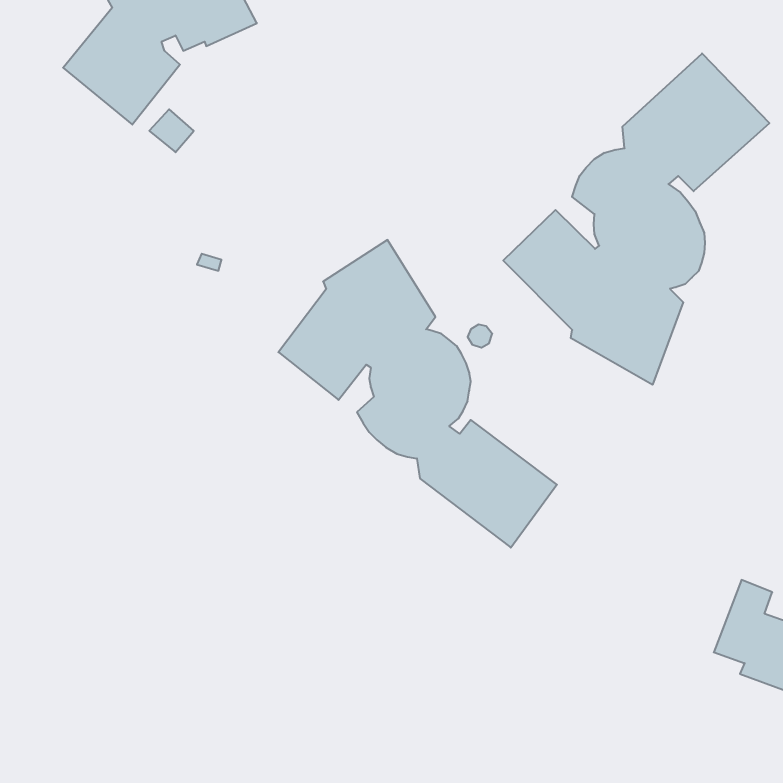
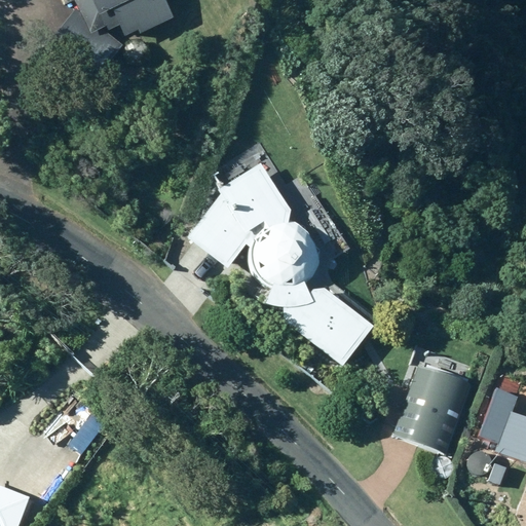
building: [503,53,769,385] -> none
building: none -> [393,364,471,453]

